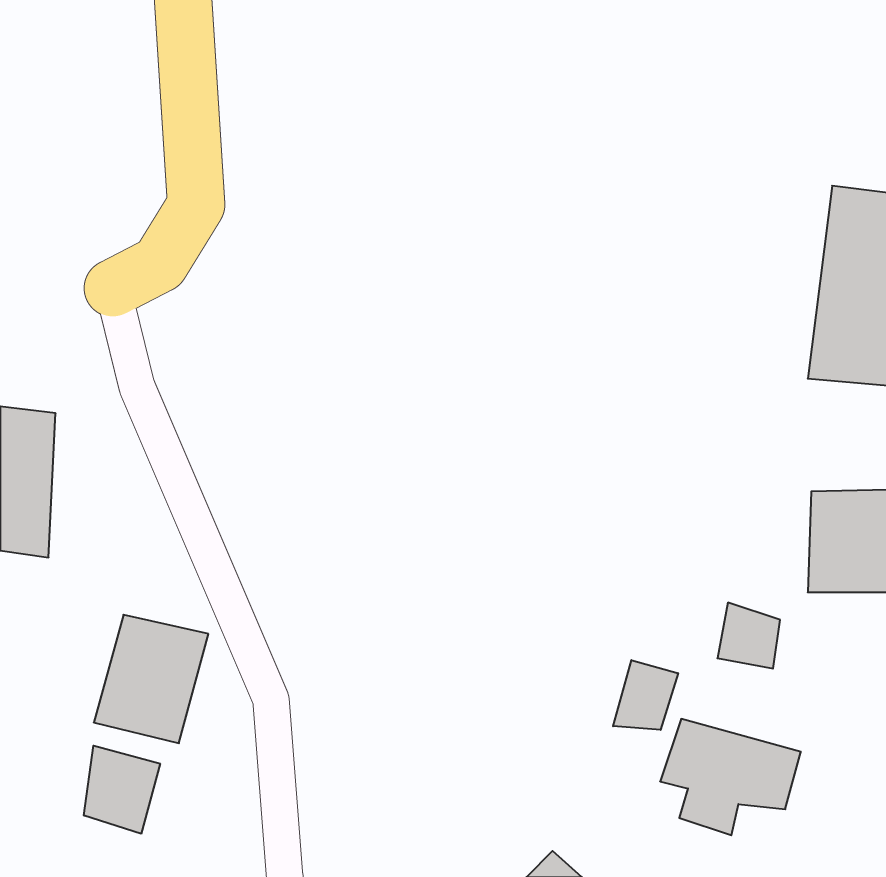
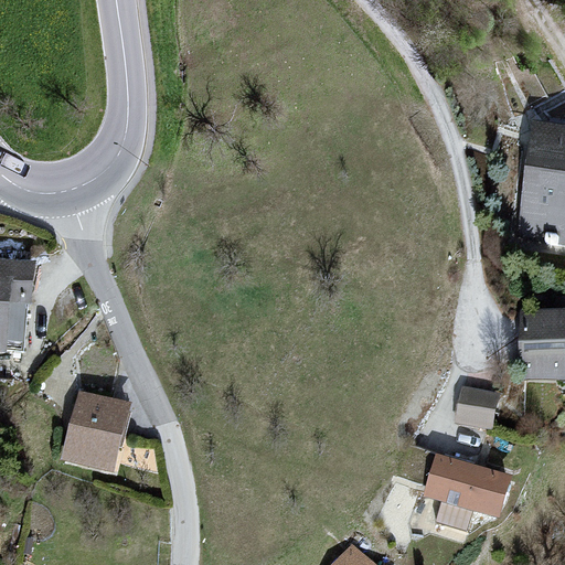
building: [613,660,678,730] -> none
building: [84,746,160,834] -> none

